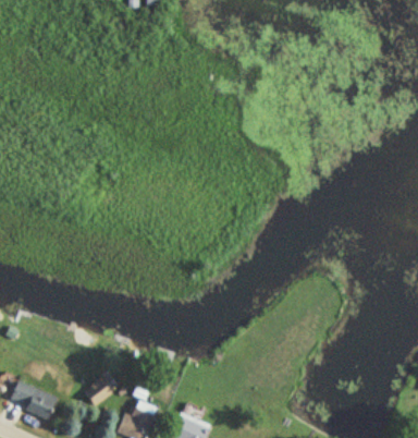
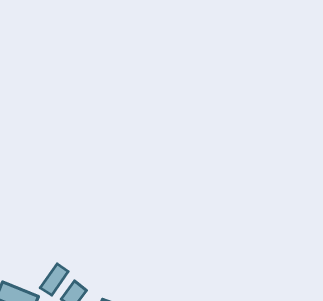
building: none -> [40,264,68,295]

